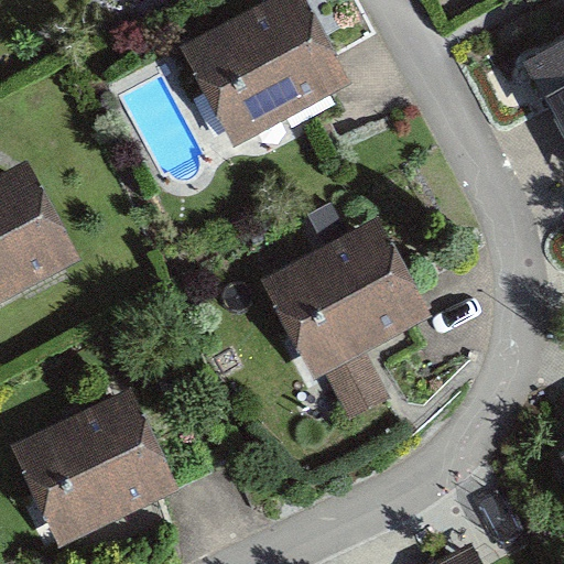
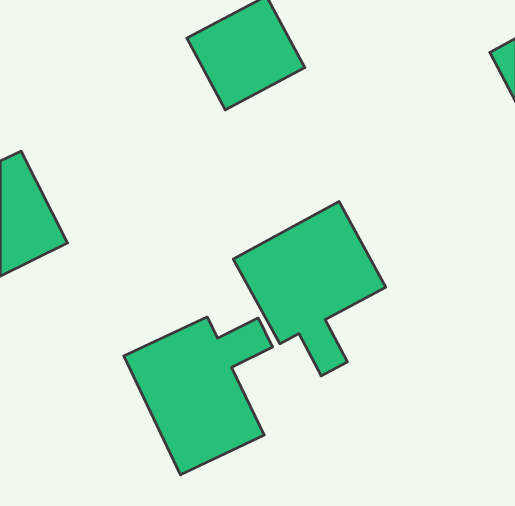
building: none -> [124,317,272,475]
building: [12,393,172,544] -> none

